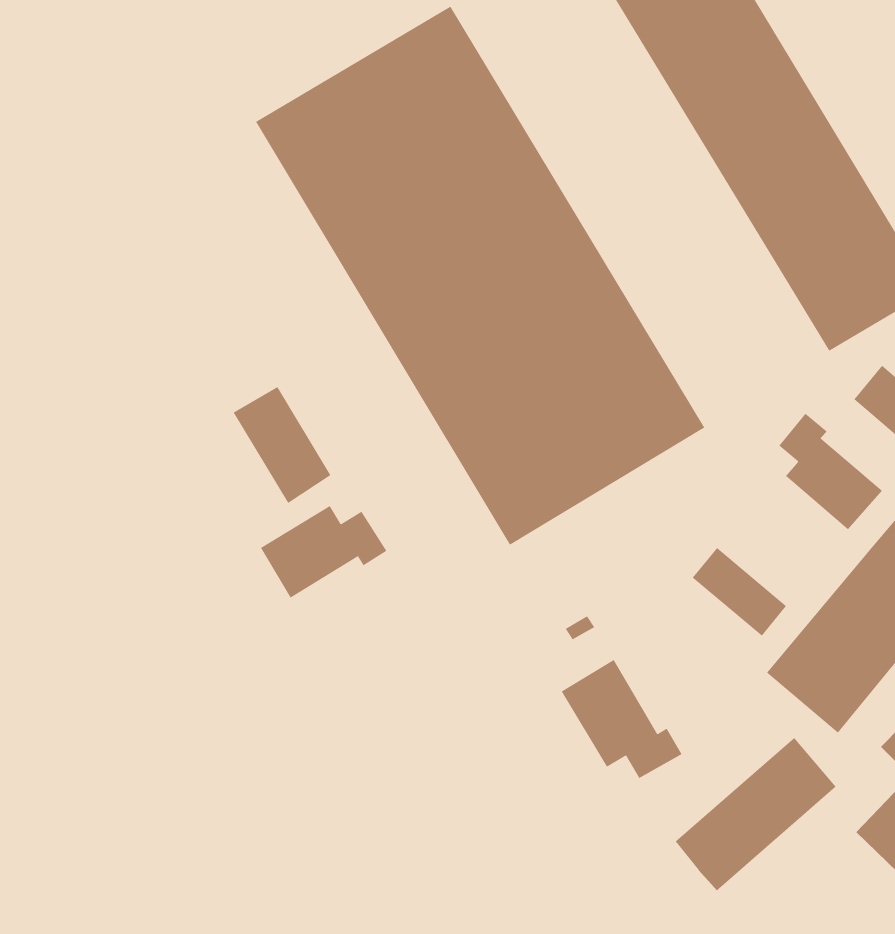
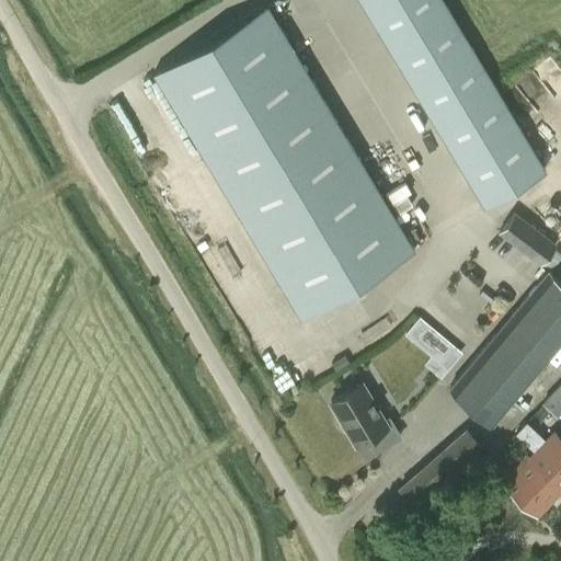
building: [233,386,331,504] -> none
building: [779,413,883,530] -> none
building: [260,505,387,598] -> none

